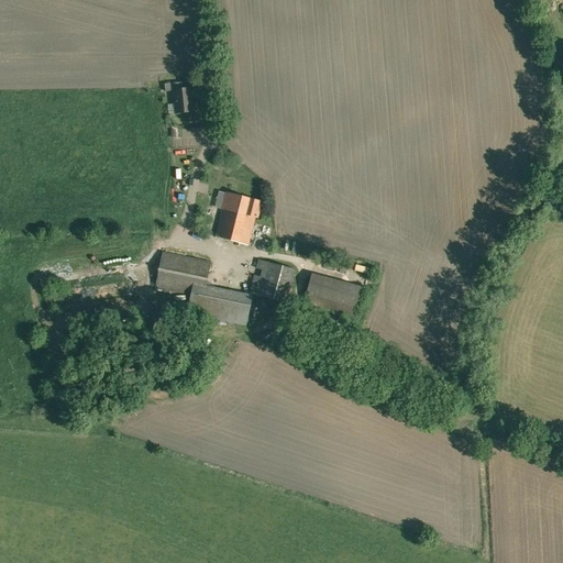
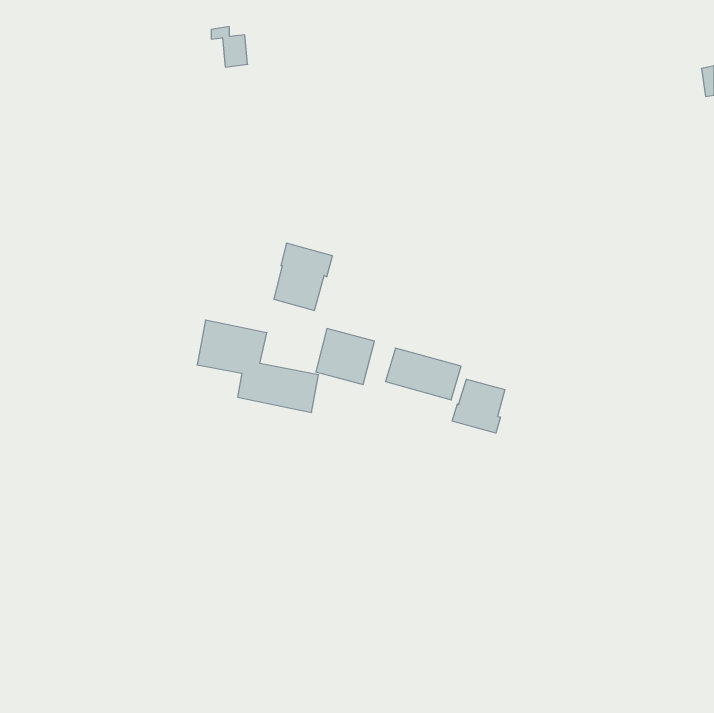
building: [165,81,194,113] -> [211,27,248,67]
building: none -> [452,379,505,433]

